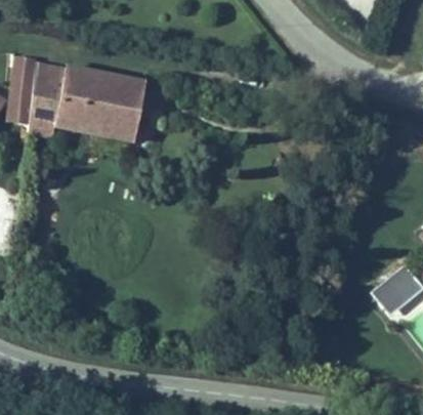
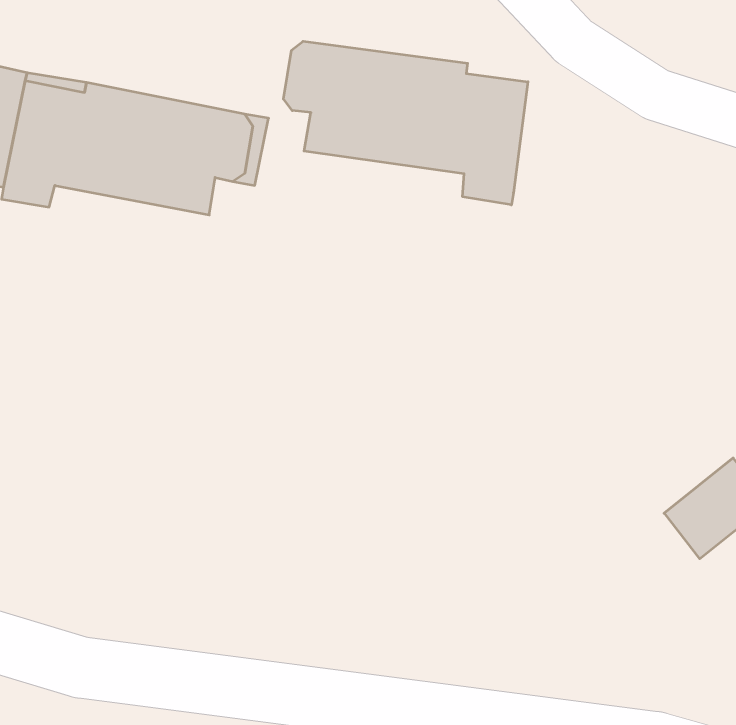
building: none -> [283,41,528,205]

